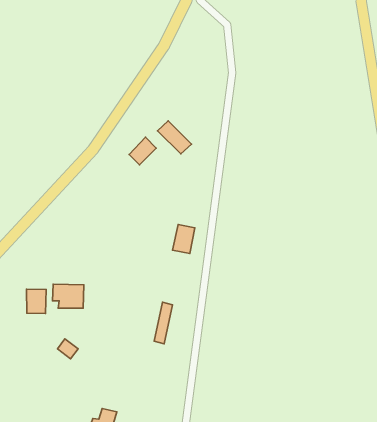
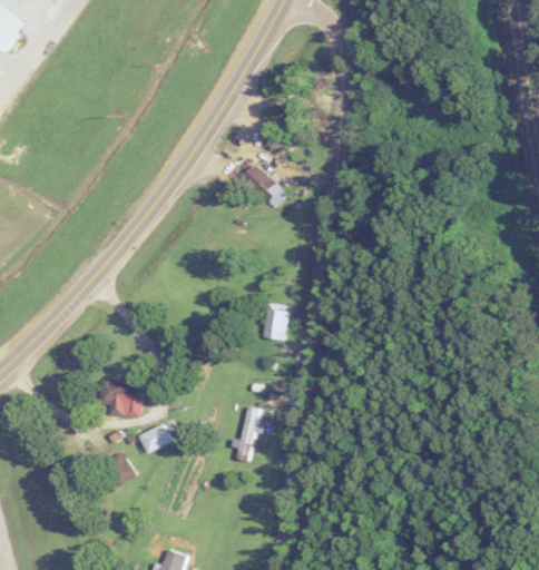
building: [129,137,156,165] -> none
building: [26,289,46,314] -> none
building: none -> [139,424,173,454]

